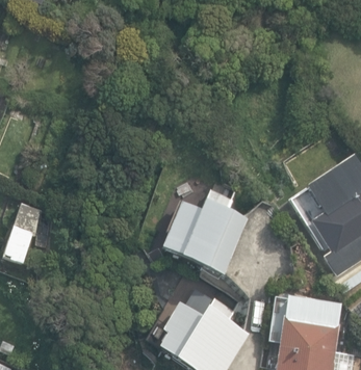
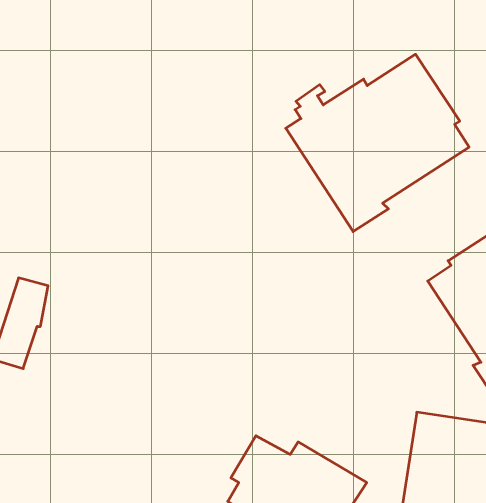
building: none -> [286,54,469,232]
building: [159,195,247,269] -> none

